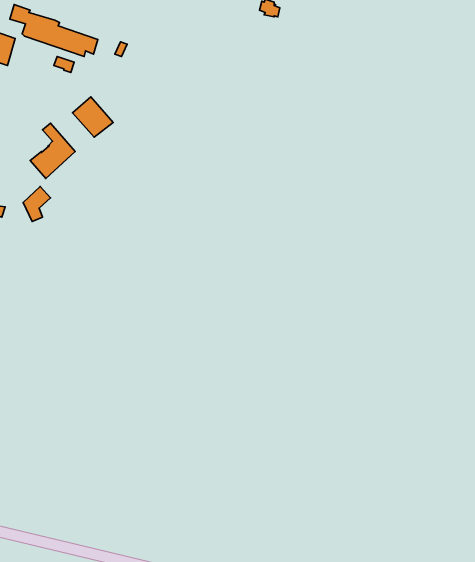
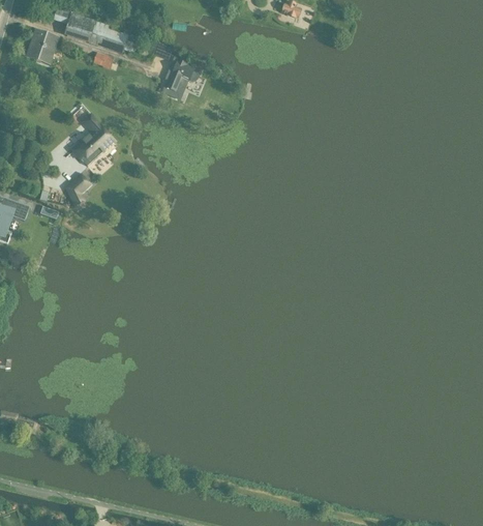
building: none -> [167,60,200,91]
building: [72,97,113,137] -> none

